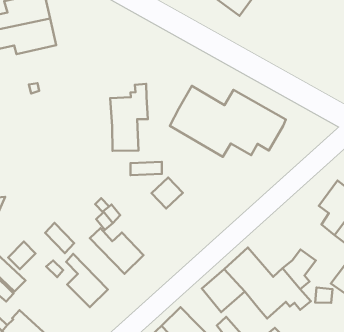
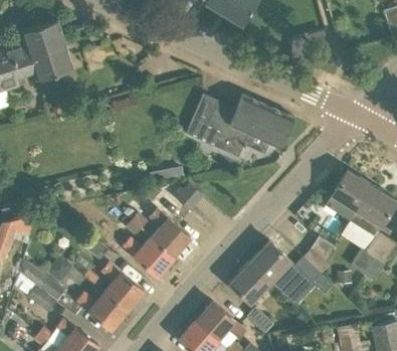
building: [110,84,148,151] -> none
building: none -> [148,207,190,256]
building: none -> [76,291,128,330]

